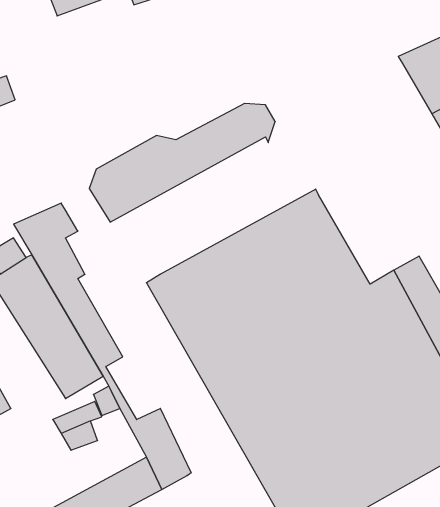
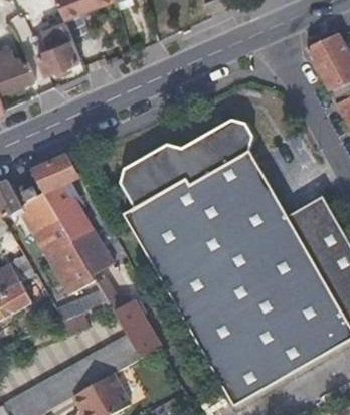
building: none -> [32,29,73,77]
building: [89,103,275,222] -> [121,121,254,206]

